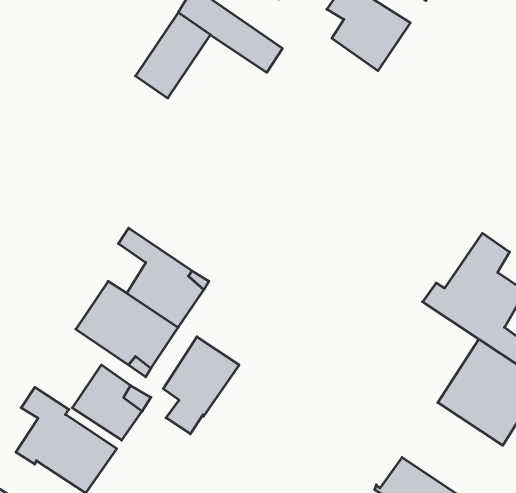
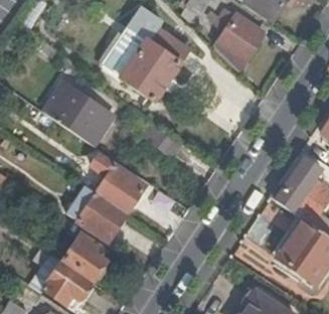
building: none -> [121,39,179,99]
building: none -> [43,81,113,145]
building: [163,337,239,434] -> none

